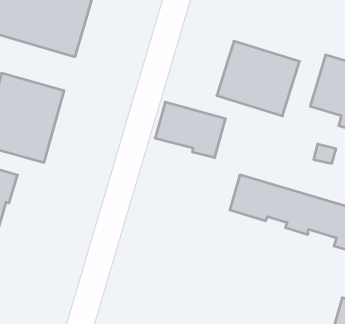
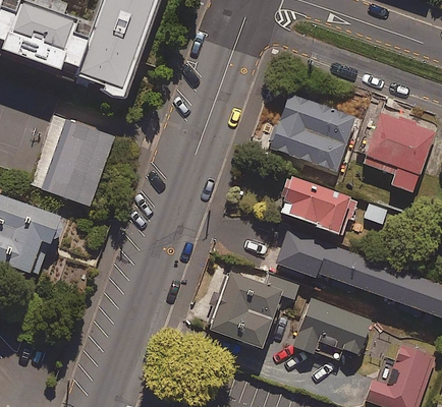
building: [155,102,226,158] -> [277,177,349,236]
building: none -> [209,272,298,349]
building: none -> [293,298,370,360]

